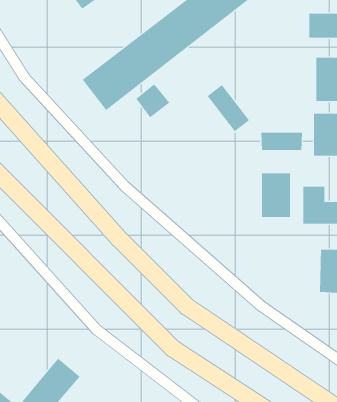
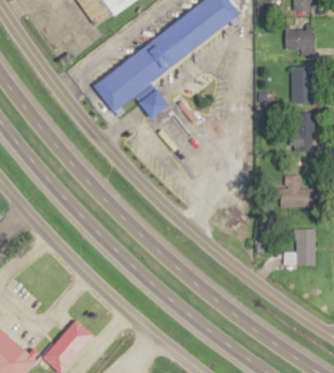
building: [207,84,250,132] -> none
building: [261,132,302,151] -> none
building: [261,172,291,218] -> none

